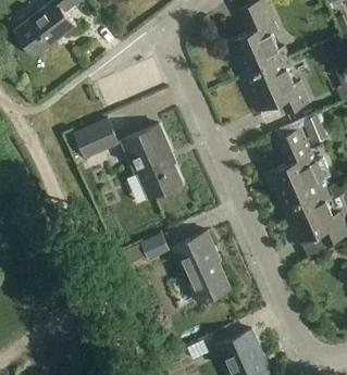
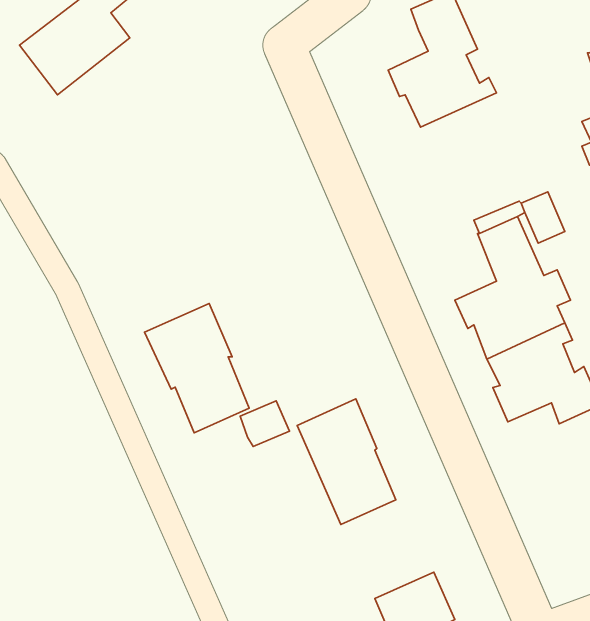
building: [244,57,308,114] -> none
building: [74,118,116,157] -> none
building: [122,124,182,198] -> [145,304,249,433]

